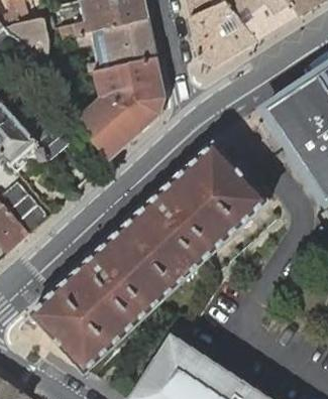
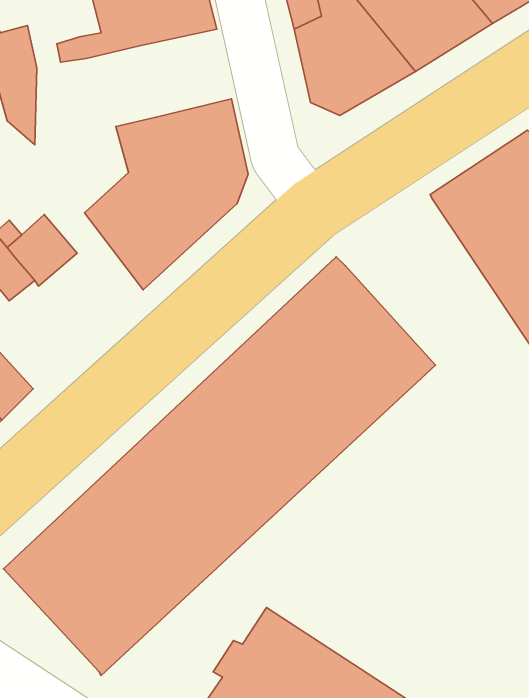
building: [76,18,155,73] -> none

